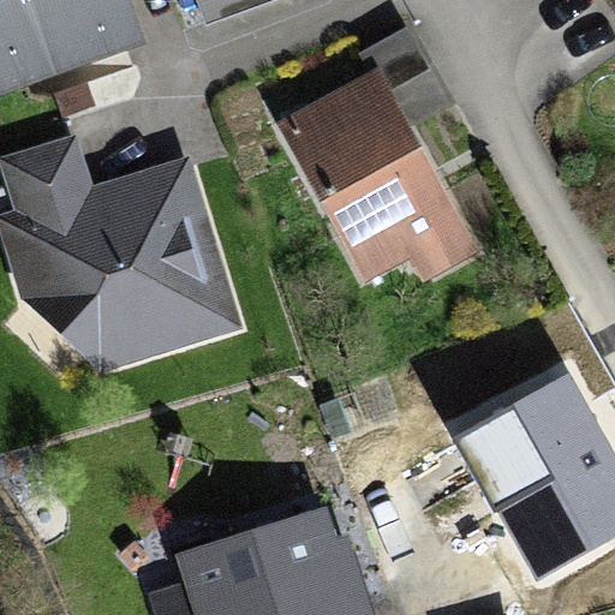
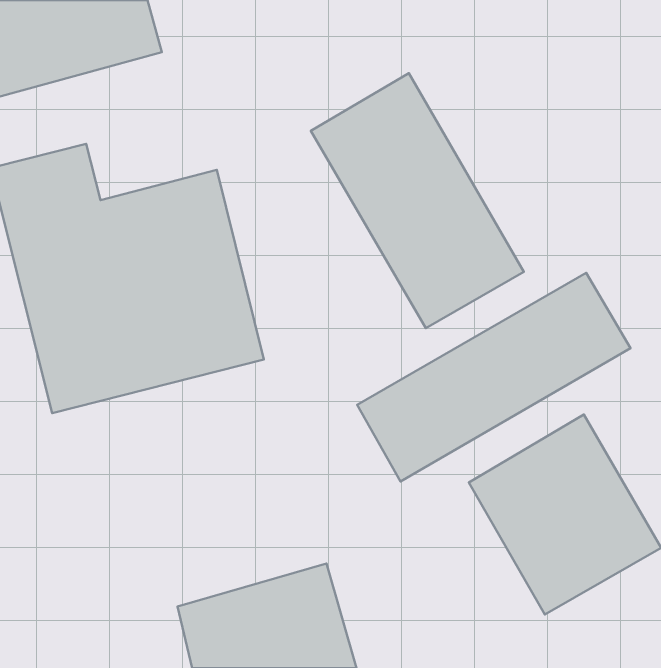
building: none -> [357,273,630,481]

